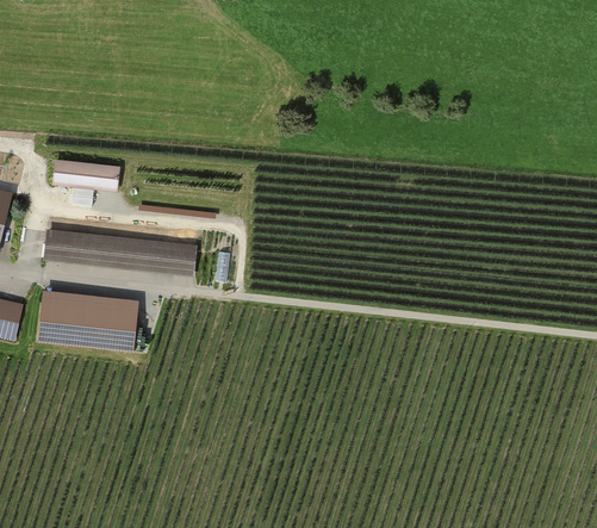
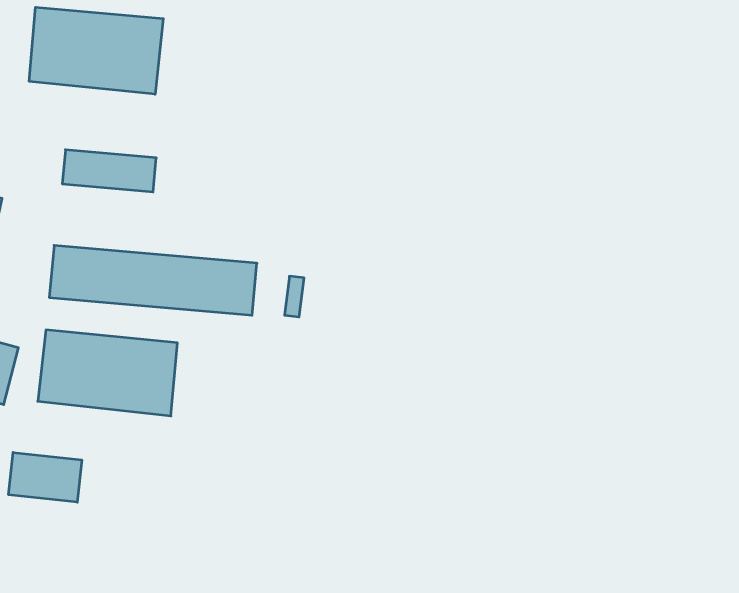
building: none -> [29,7,163,94]
building: none -> [9,452,82,502]

